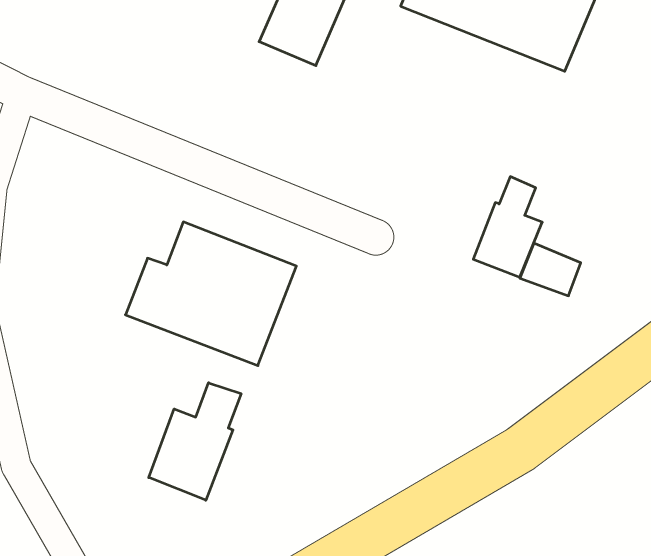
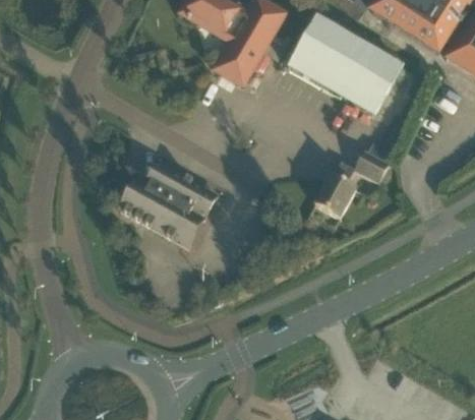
building: [520,243,581,296] -> [354,151,389,182]
building: [149,383,241,500] -> none

